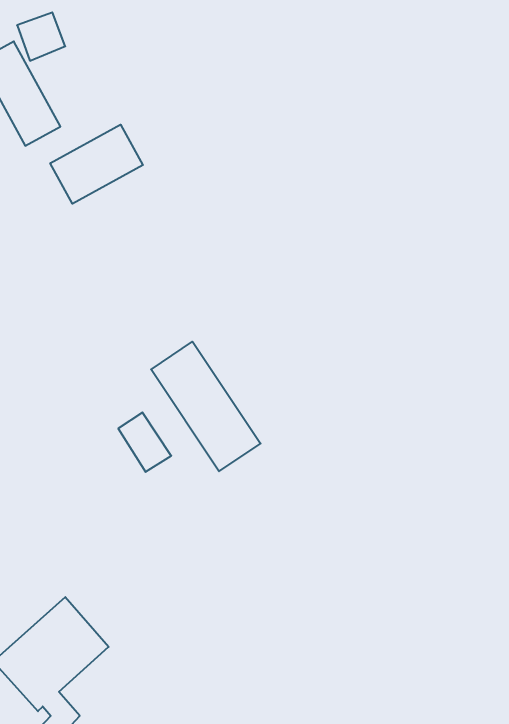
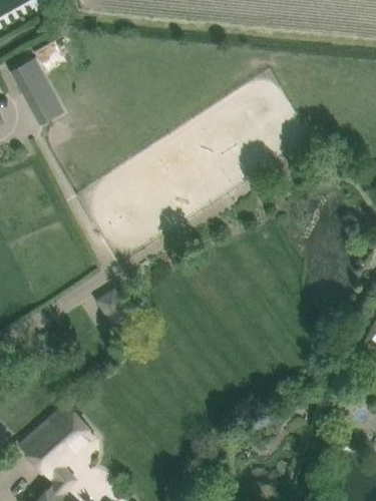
building: [50,125,143,204] -> none
building: [151,342,261,471] -> none

